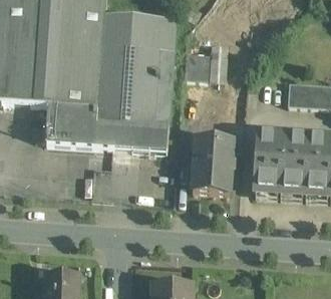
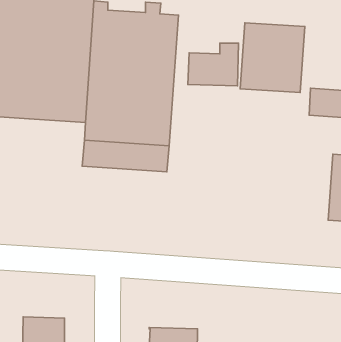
building: [46,106,97,146] -> none
building: [253,133,308,193] -> [240,23,305,92]
building: [193,138,233,194] -> none

